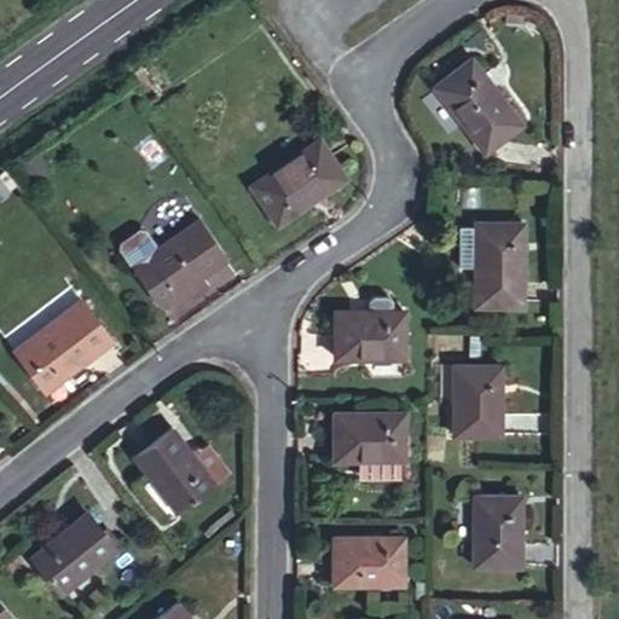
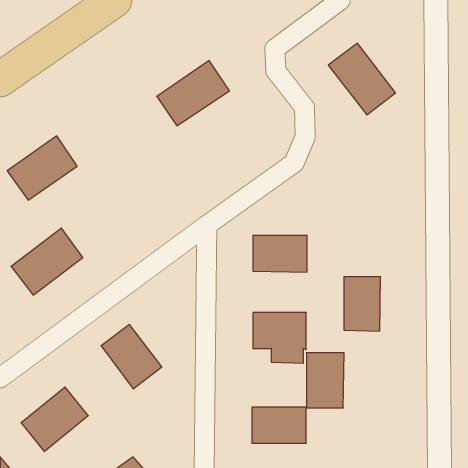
building: [251,139,347,225] -> [157,61,229,126]
building: [134,220,226,305] -> [7,136,77,200]
building: [476,224,525,308] -> none
building: [474,496,523,568] -> [306,353,344,408]

